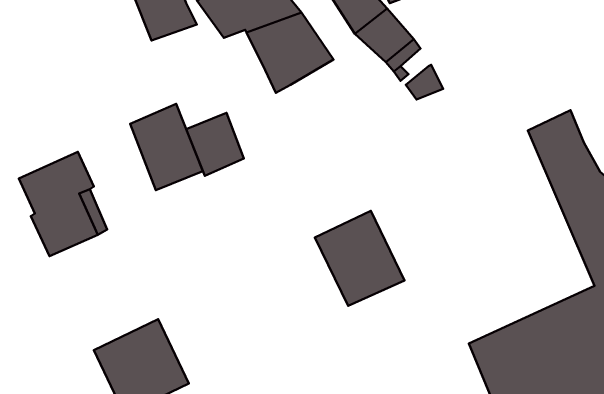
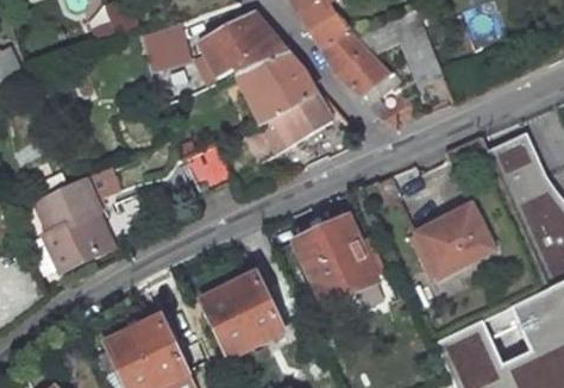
building: none -> [265,89,333,150]
building: [130,104,203,190] -> none
building: none -> [415,207,494,282]
building: none -> [207,279,287,359]

